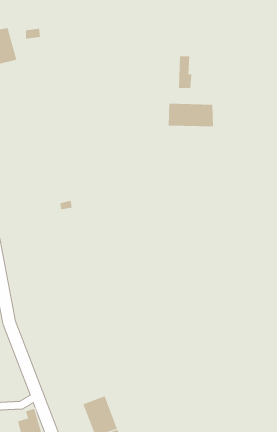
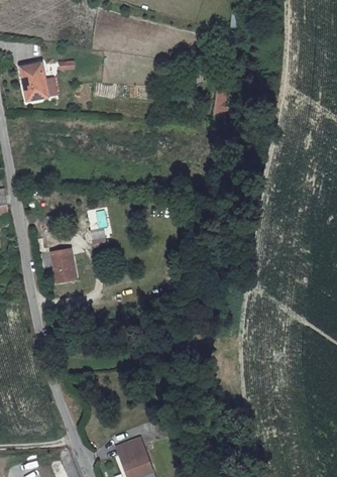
building: [168,103,213,127] -> none
building: none -> [49,249,76,283]

